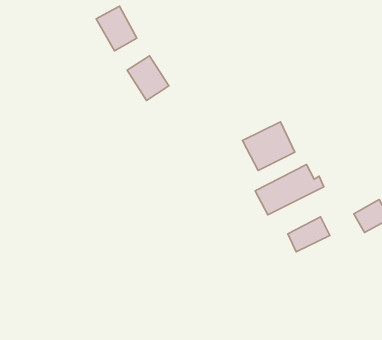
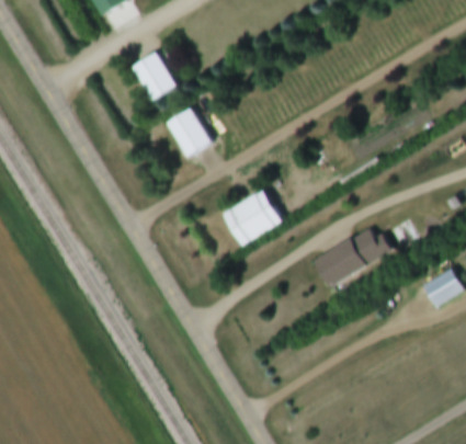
building: [243,122,295,171] -> [221,191,281,246]
building: [288,217,330,252] -> none

